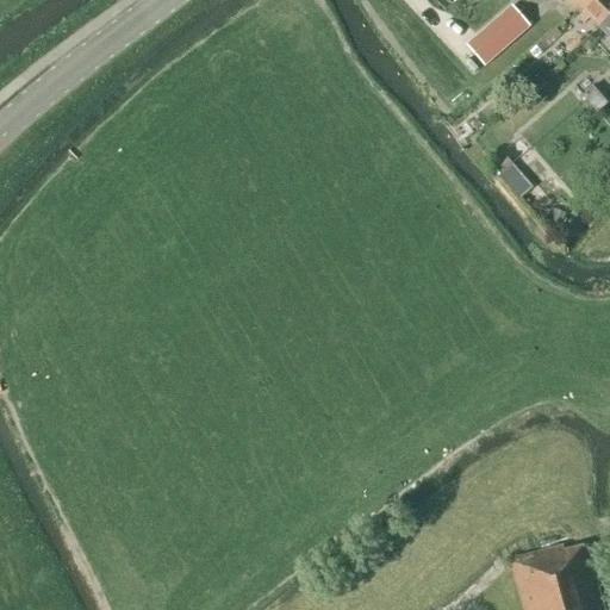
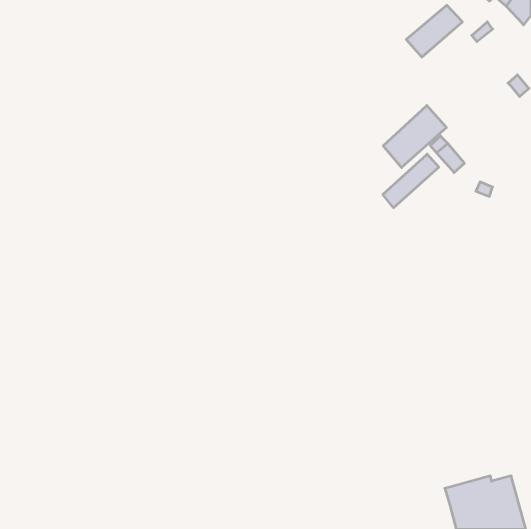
building: none -> [383,105,446,168]
building: none -> [383,154,439,208]

